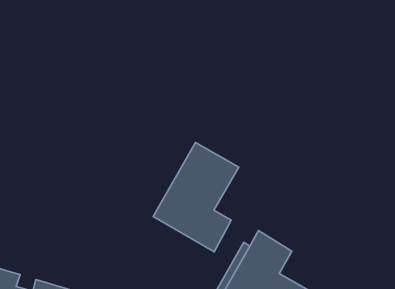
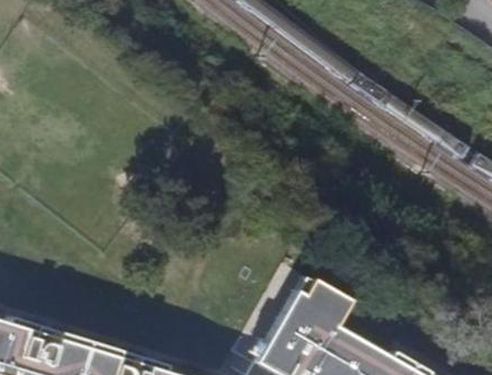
building: [153,143,239,252] -> none

